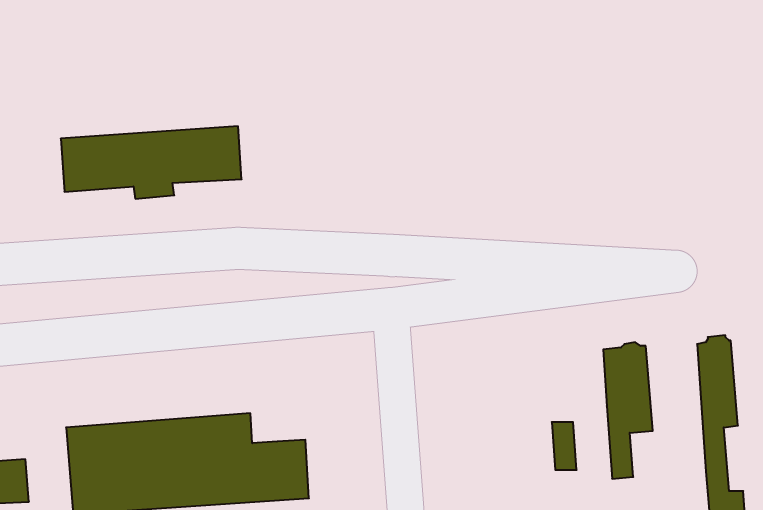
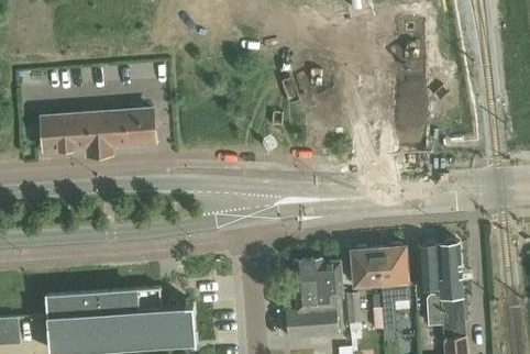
building: none -> [416,242,442,325]
building: none -> [351,247,380,286]
building: none -> [286,259,342,339]

